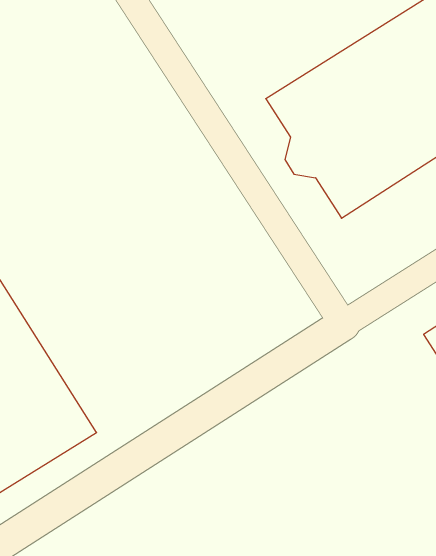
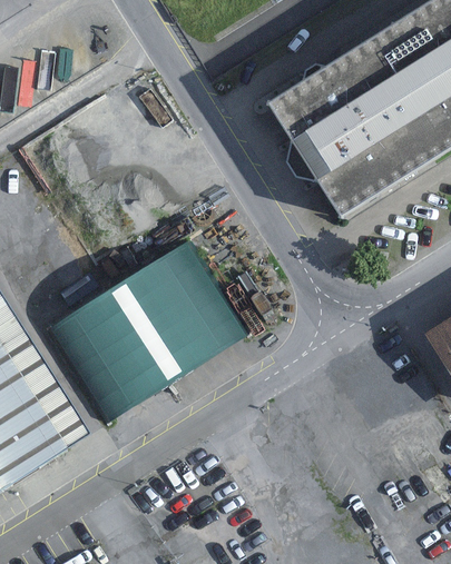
building: none -> [53,236,255,420]

